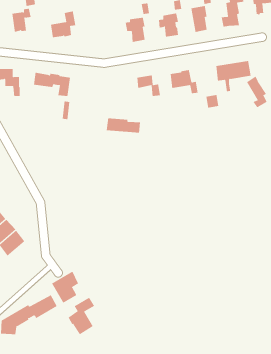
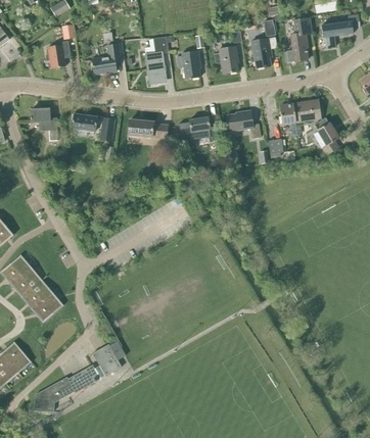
building: none -> [145,36,168,83]
building: [106,118,141,133] -> [127,119,167,137]
building: [68,297,95,335] -> none

